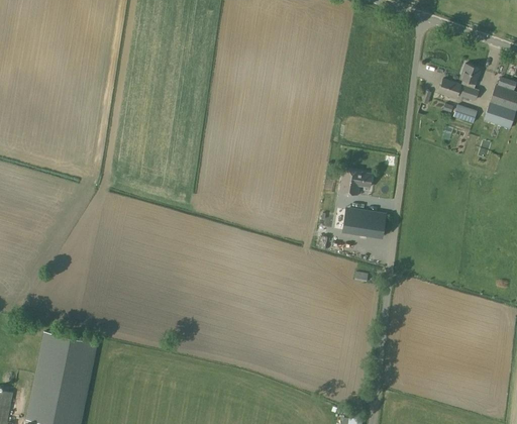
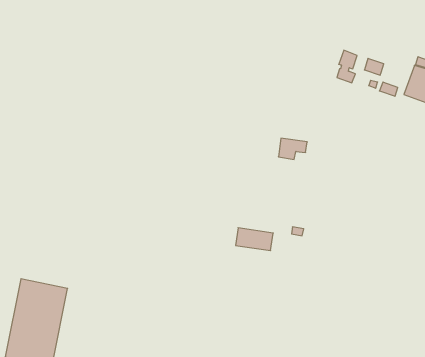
building: [457,64,481,101] -> [337,50,357,83]
building: [342,211,386,237] -> [236,228,273,251]

